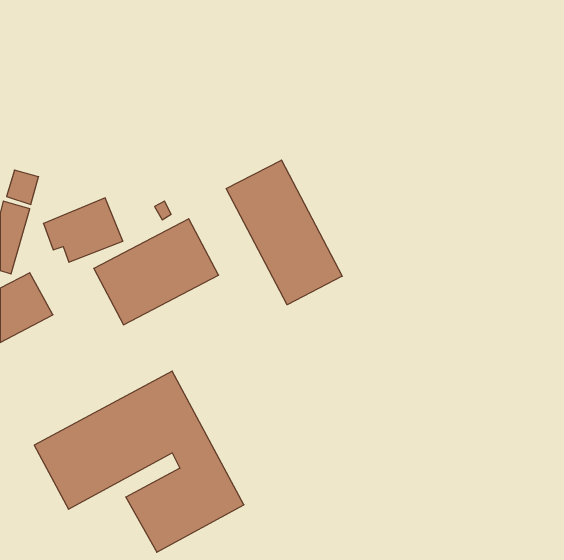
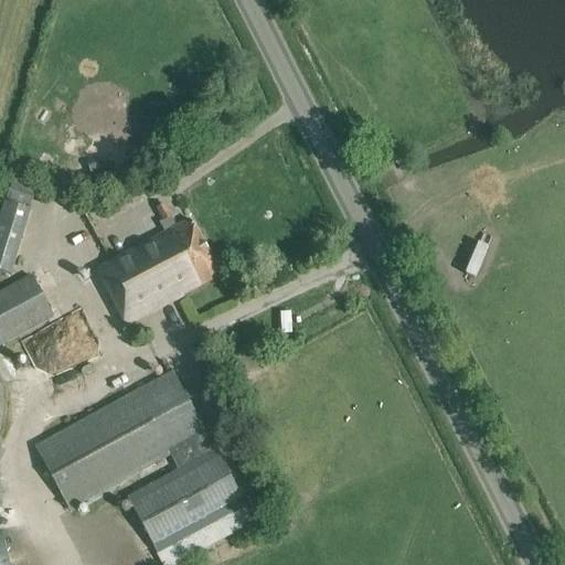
building: [226,160,342,305] -> none
building: [43,198,123,262] -> [23,307,103,371]

